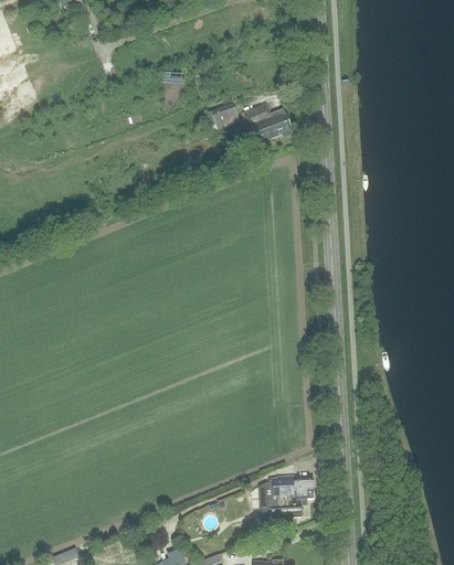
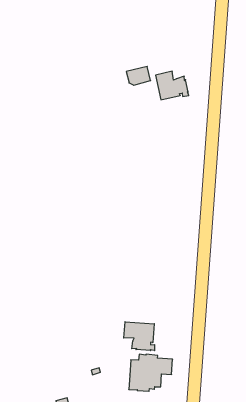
building: none -> [124,322,155,351]

